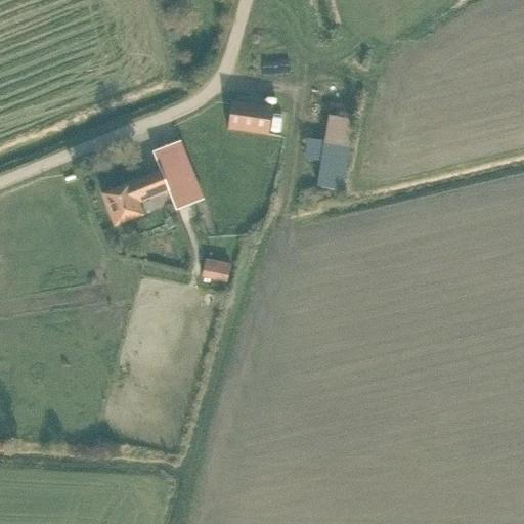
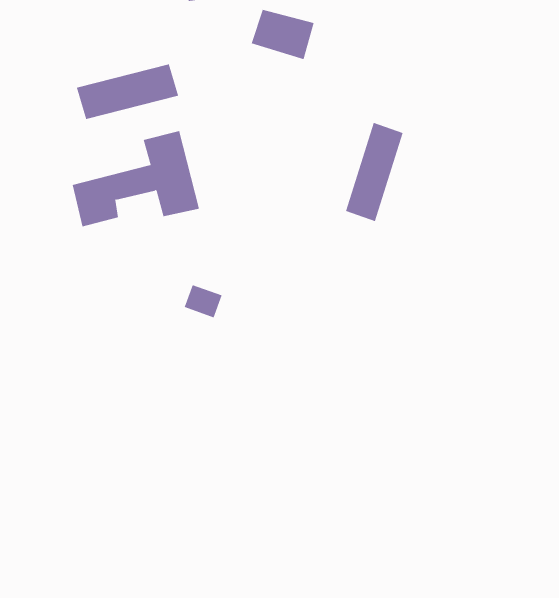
building: none -> [76,64,179,120]
building: [226,100,273,135] -> [251,9,315,60]

